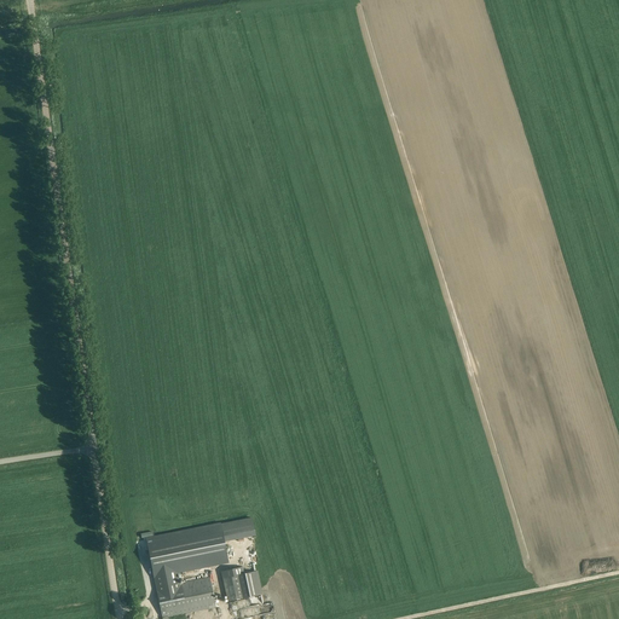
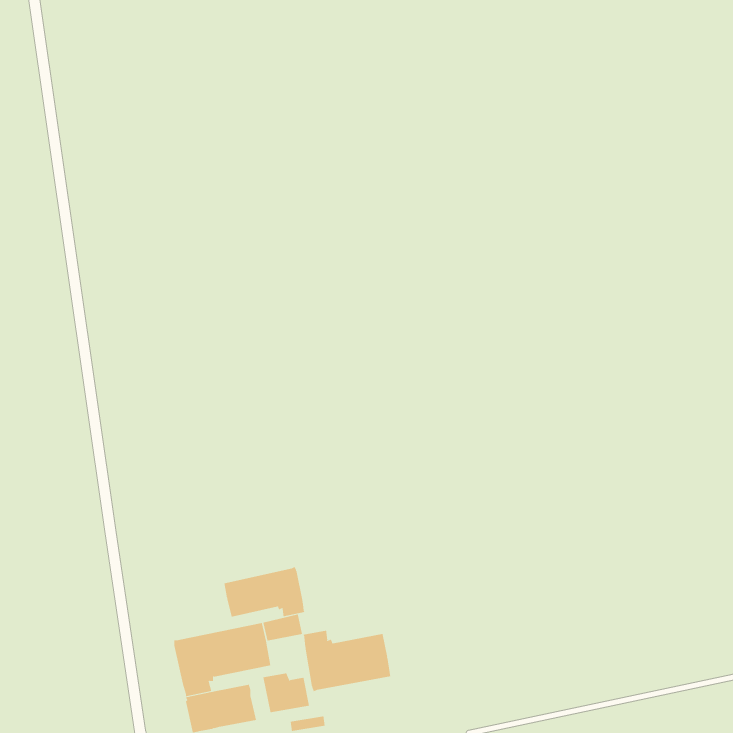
building: none -> [224,566,305,617]
building: none -> [303,630,391,692]

